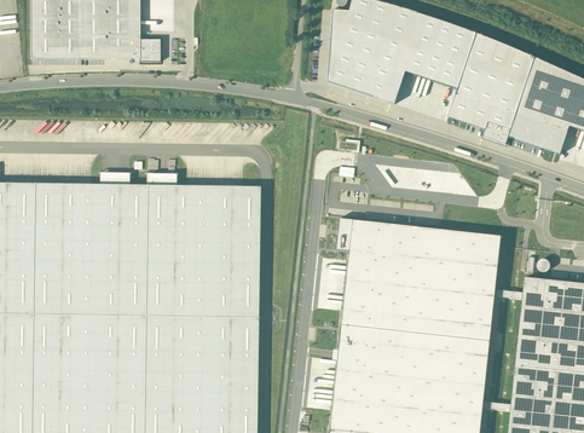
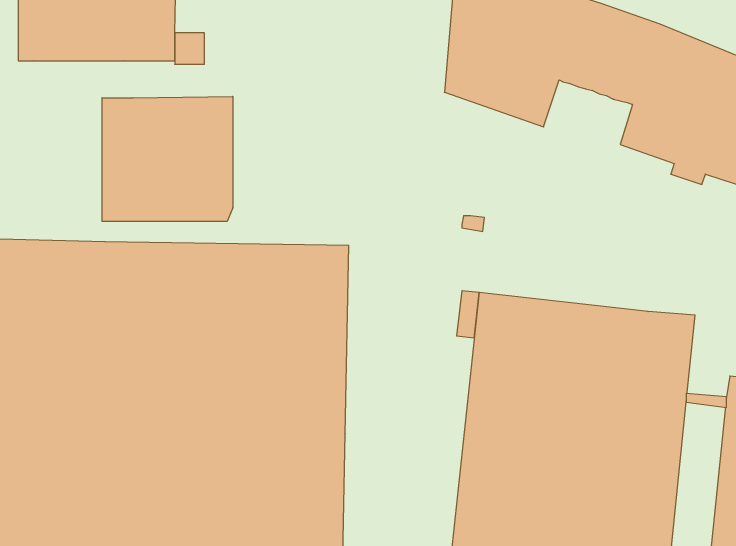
building: none -> [102,96,233,221]

